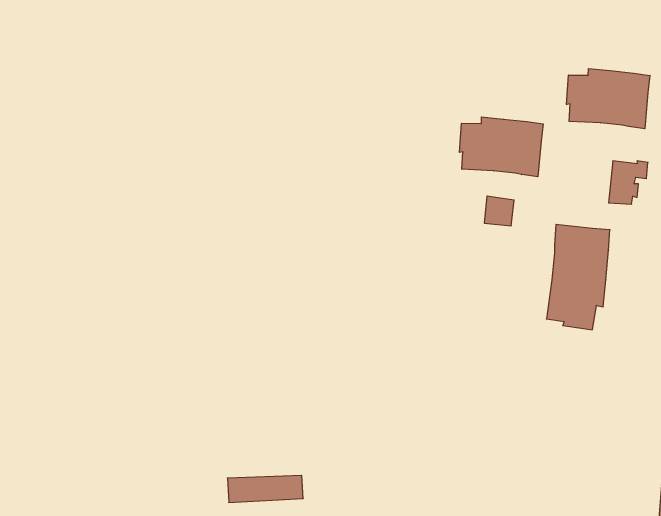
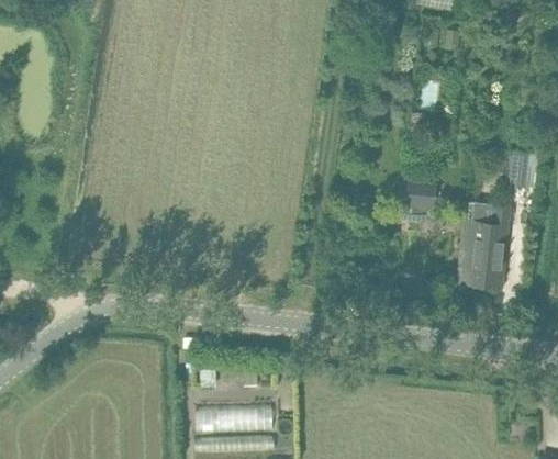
building: [567,69,650,129] -> none
building: [459,117,543,177] -> none

